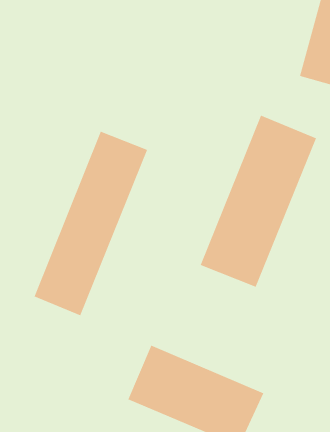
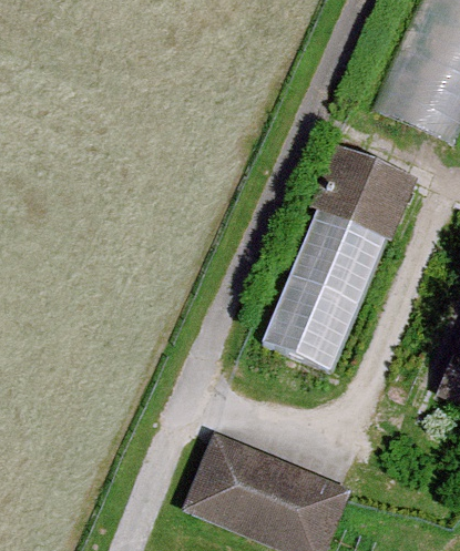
building: [34,131,148,316] -> none

